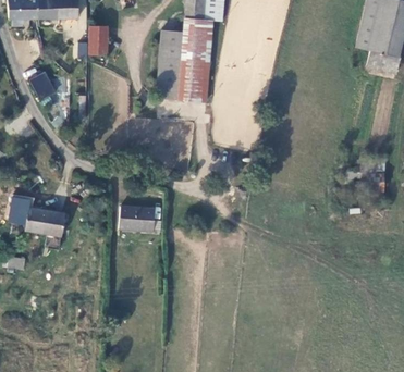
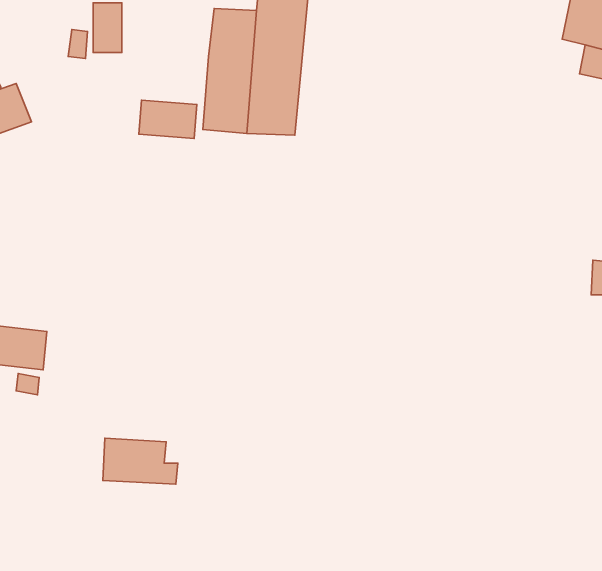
building: none -> [139,100,197,138]
building: [120,204,162,231] -> [103,438,178,484]

